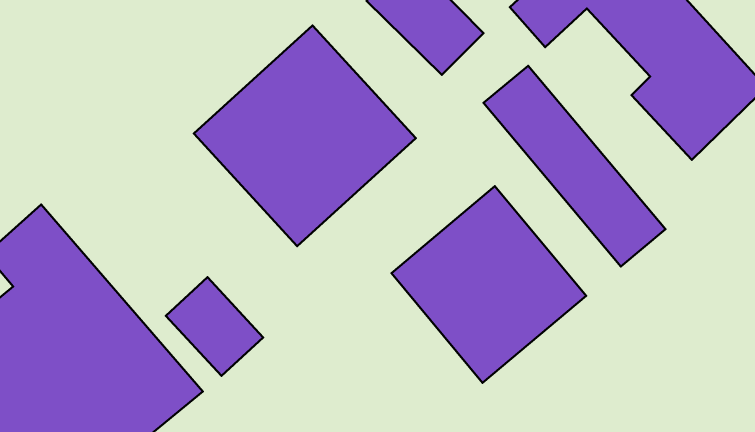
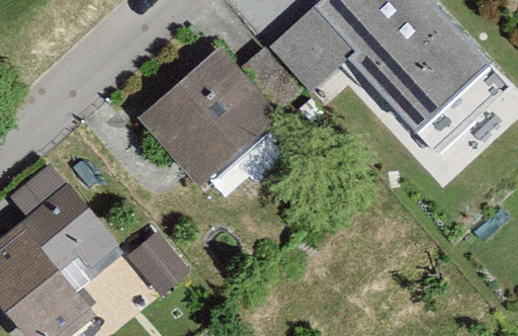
building: [392,186,586,383] -> none

